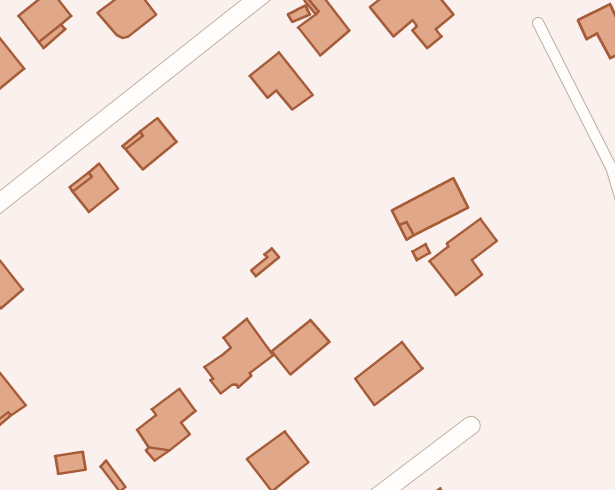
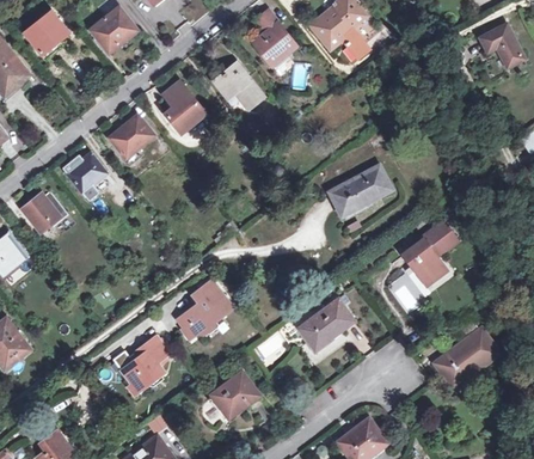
building: none -> [164,81,204,131]
building: none -> [20,191,67,233]
building: [429,219,497,295] -> [401,220,456,282]
building: [272,320,329,374] -> none
building: none -> [436,317,497,385]

